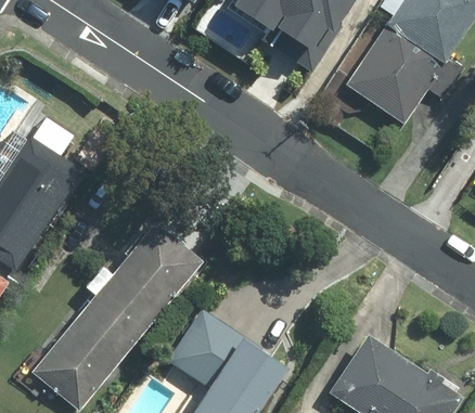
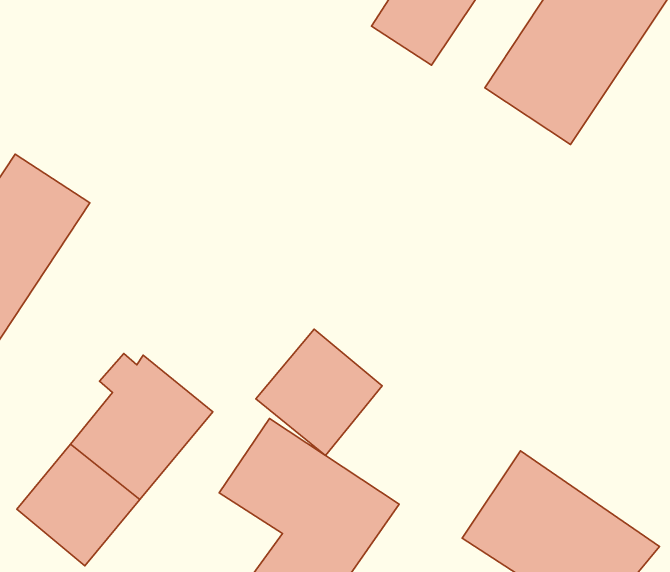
building: [117,220,202,305] -> [256,329,382,455]

